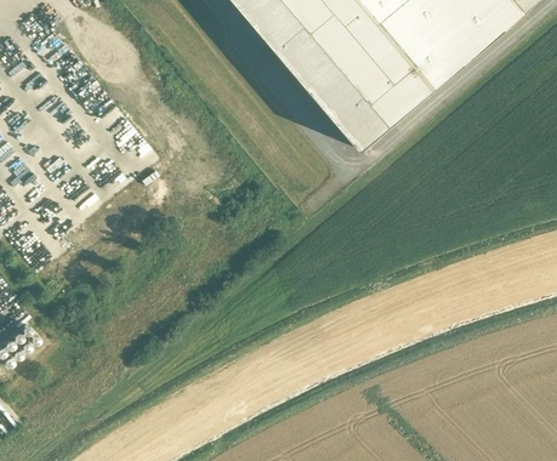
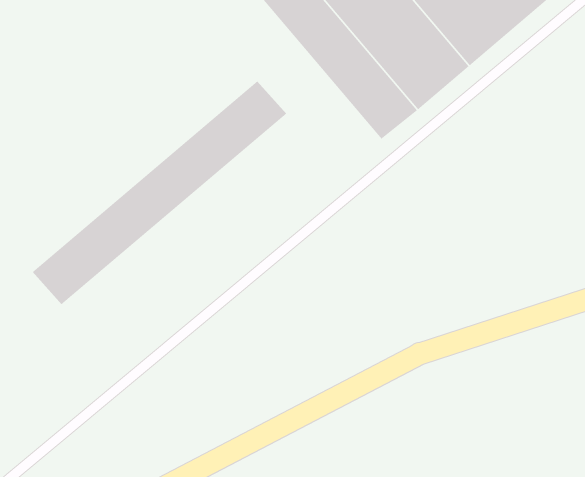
building: none -> [32,80,287,305]

